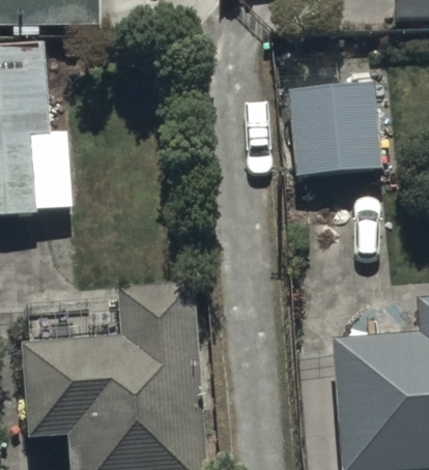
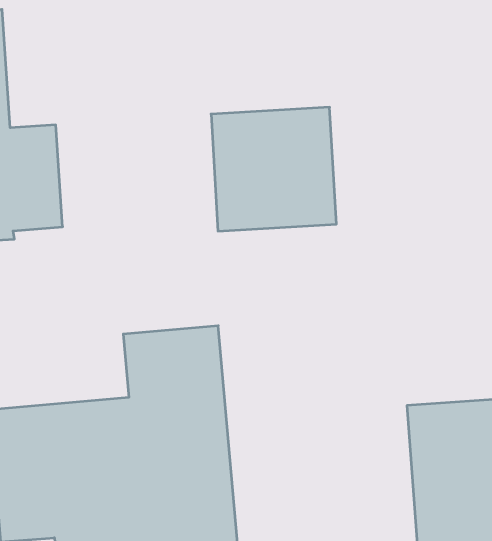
building: [288,82,382,175] -> [211,107,336,231]

